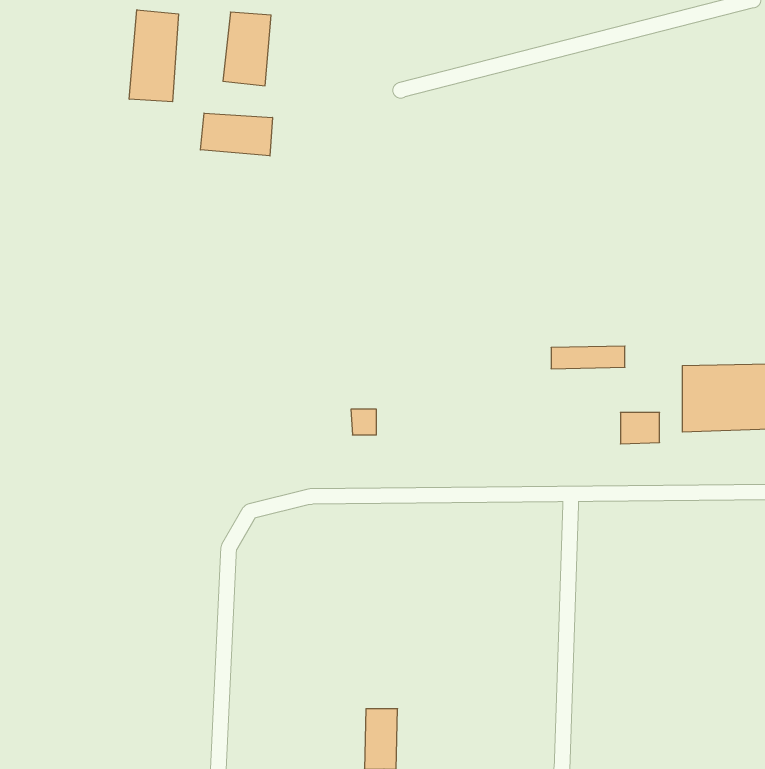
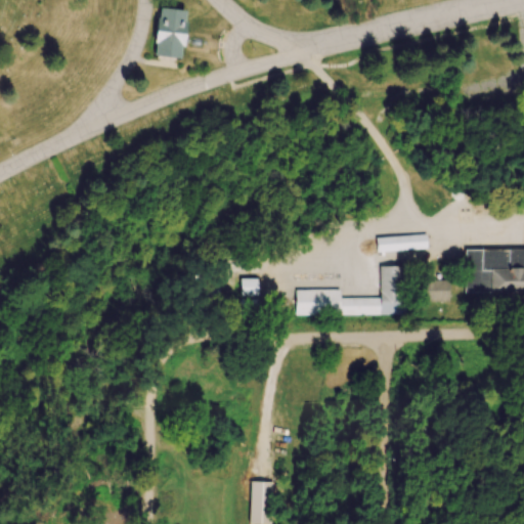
building: [129,10,178,102] -> none
building: [200,113,272,156] -> none
building: none -> [297,266,404,315]

